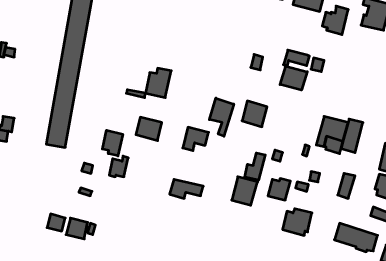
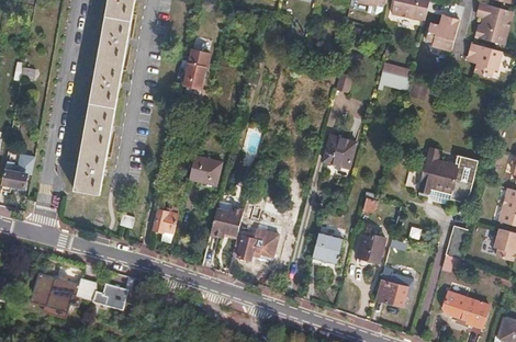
building: none -> [467,43,502,77]
building: [280,66,307,90] -> none
building: [145,68,171,98] -> [176,49,209,87]
building: [209,98,234,136] -> none
building: [183,127,209,151] -> [210,206,243,236]
building: [102,130,123,156] -> none
building: [245,153,265,180] -> none
building: none -> [32,273,75,308]

